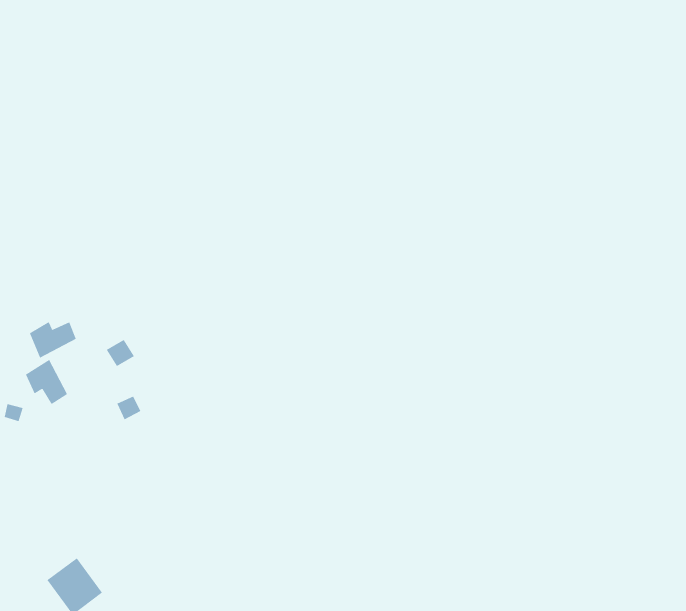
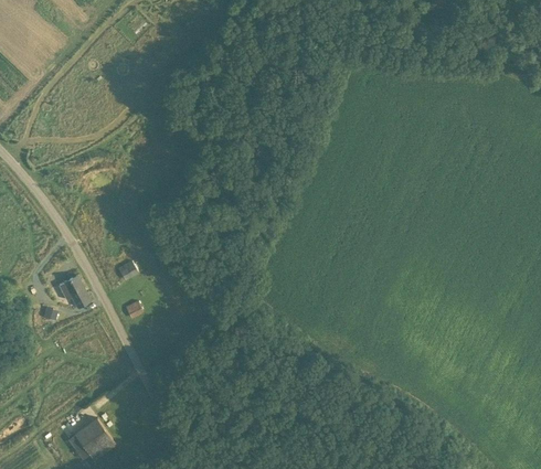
building: [29,321,77,358] -> none

